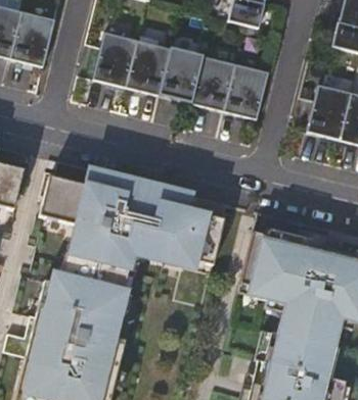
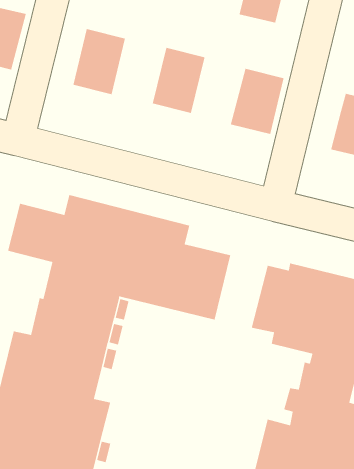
building: [127,39,171,94] -> none
building: [192,55,236,110] -> none

